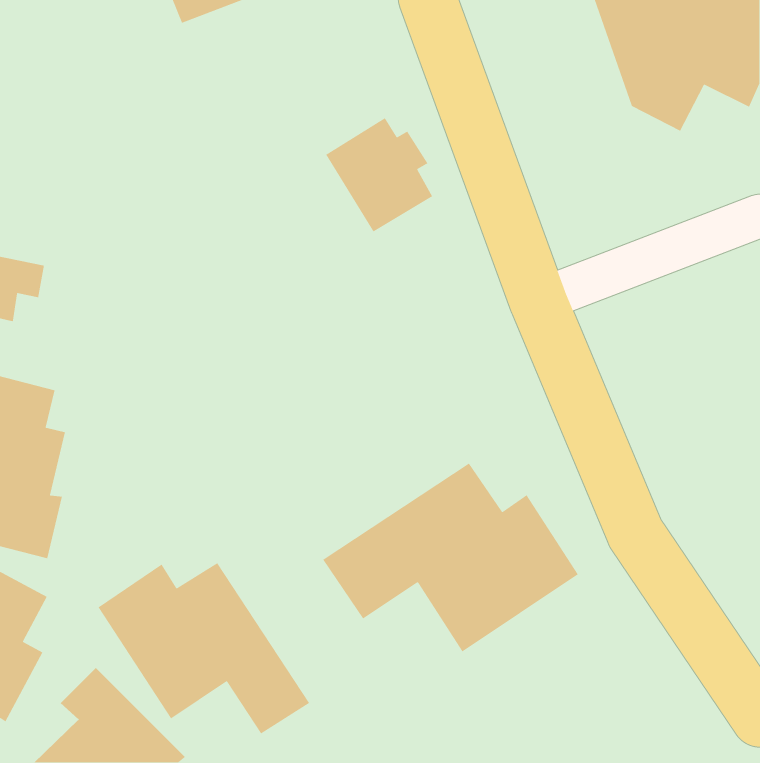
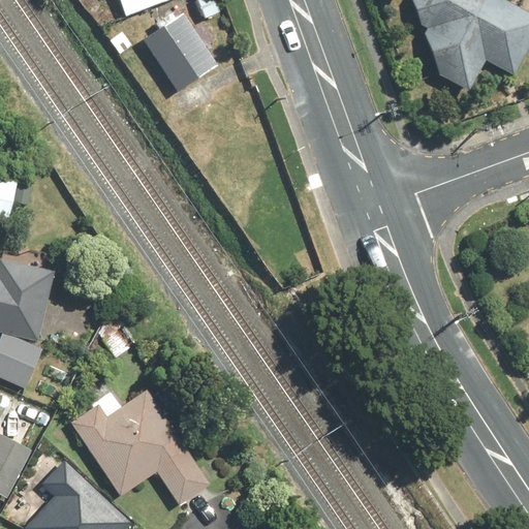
building: [325,117,433,232] -> [143,13,217,93]
building: [322,463,579,652] -> none

